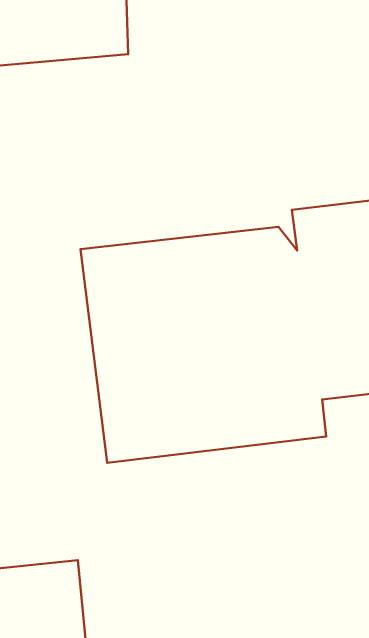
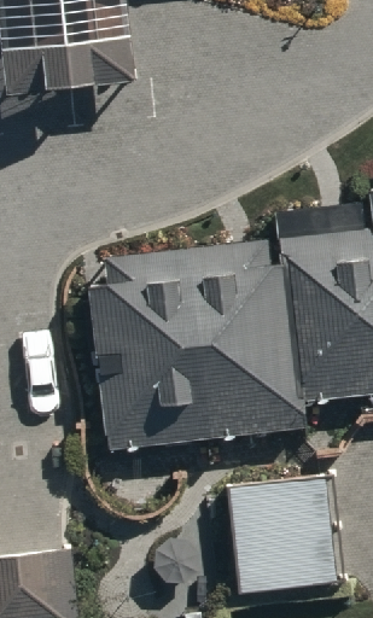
building: none -> [234,499,326,587]

